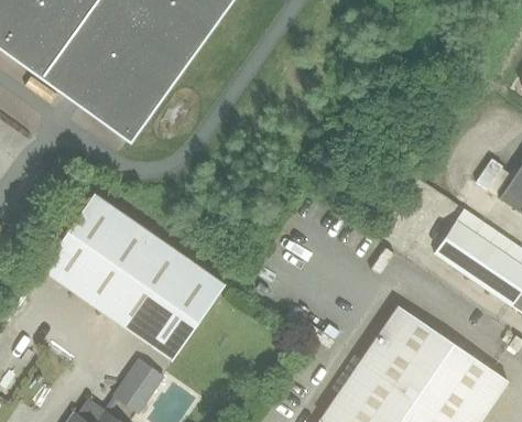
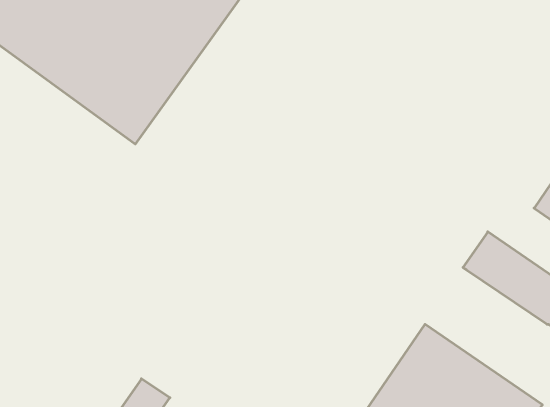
building: [42,192,227,360] -> none

